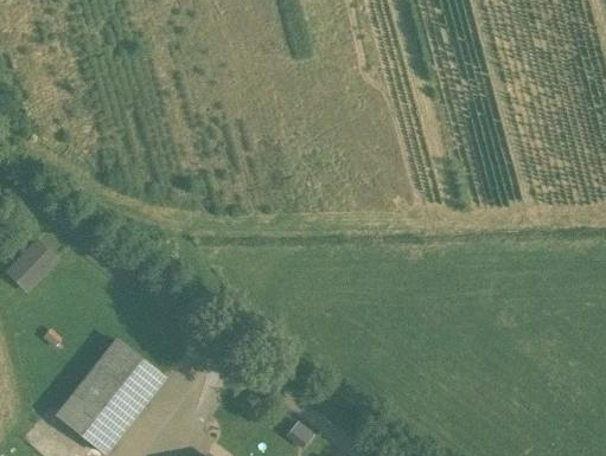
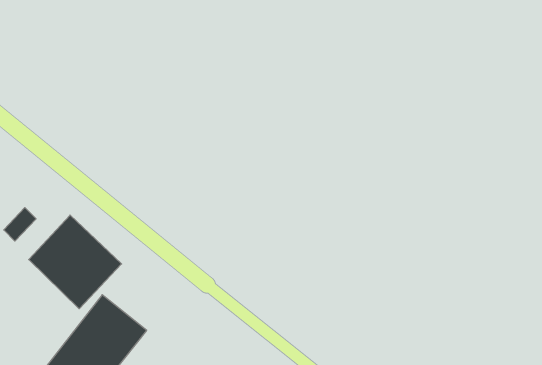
building: none -> [29,215,122,309]

